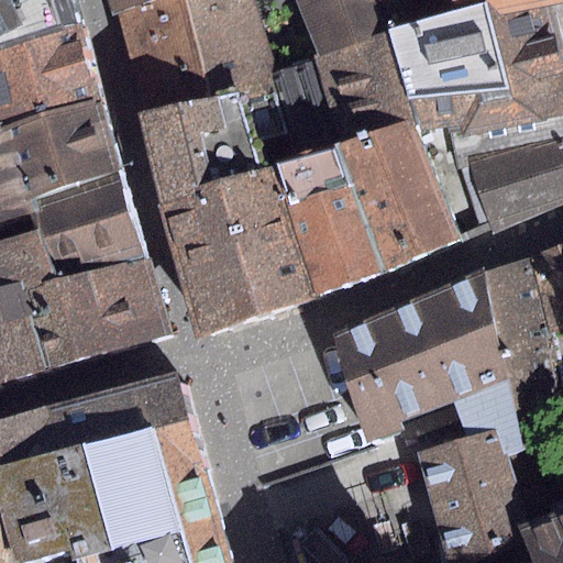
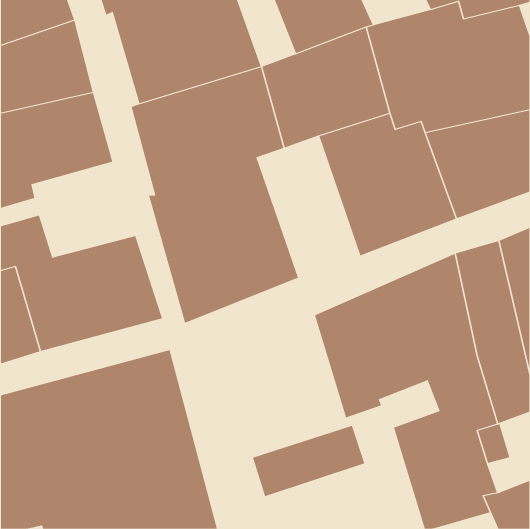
building: [273,144,382,295] -> none
building: [34,172,144,273] -> none

